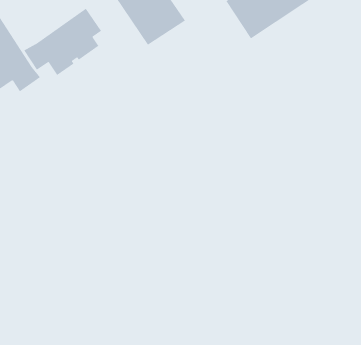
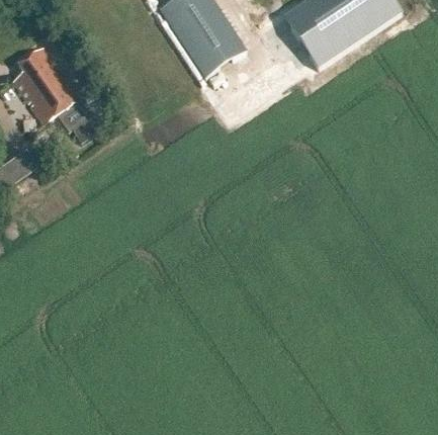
building: [24,8,102,76] -> none

